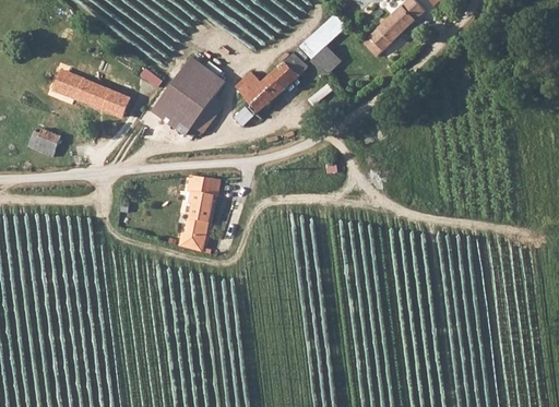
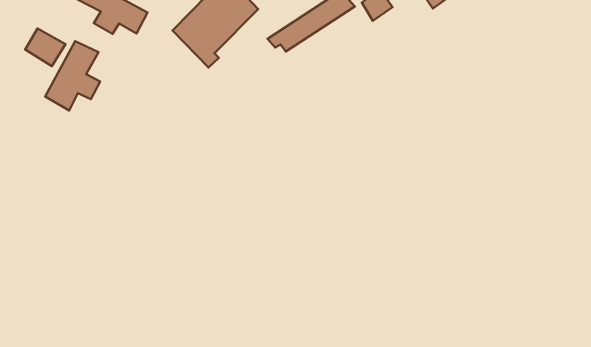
building: none -> [45,41,100,110]
building: [181,173,218,252] -> none

